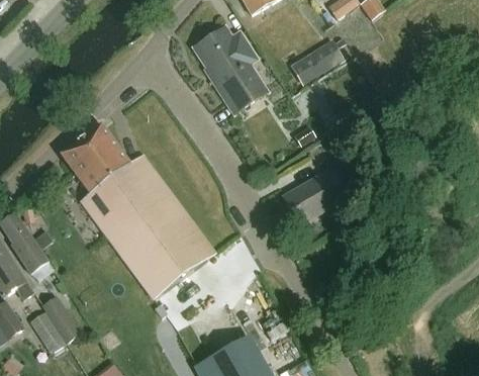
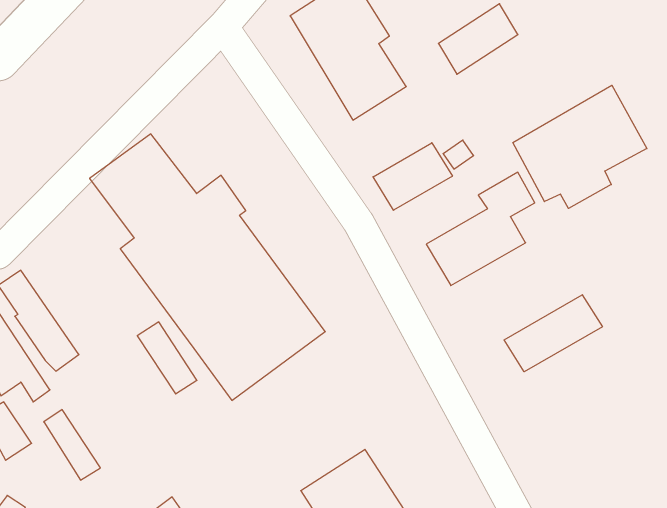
building: none -> [513,85,647,208]
building: none -> [373,143,452,210]
building: none -> [504,295,602,372]
building: [42,297,82,345] -> [137,322,197,394]

